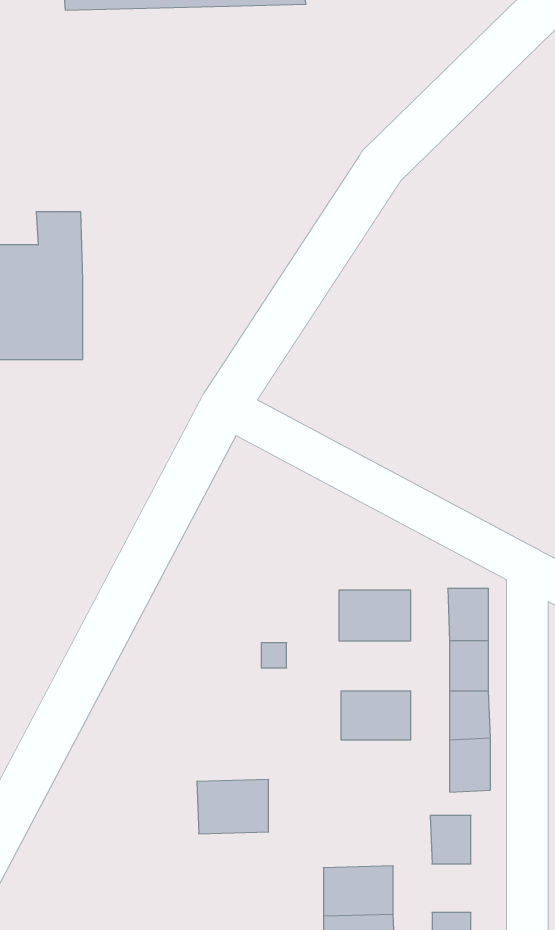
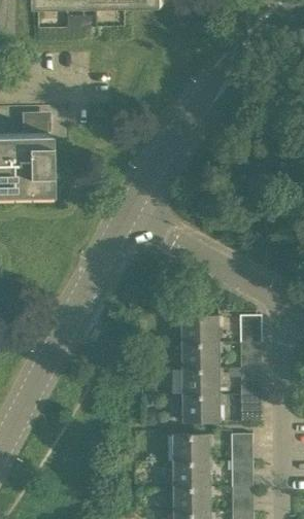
building: none -> [182,343,221,370]
building: none -> [183,395,222,423]
building: [197,779,269,834] -> [173,435,211,463]
building: none -> [232,461,252,487]

